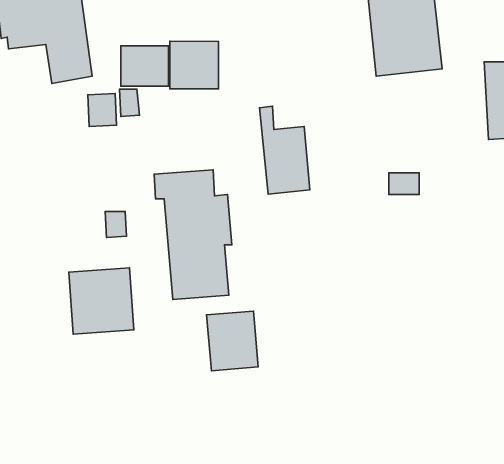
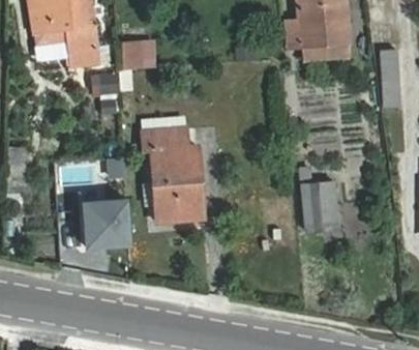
building: [170,41,218,89] -> none
building: [260,106,310,194] -> [301,168,337,231]
building: [207,311,258,371] -> none

